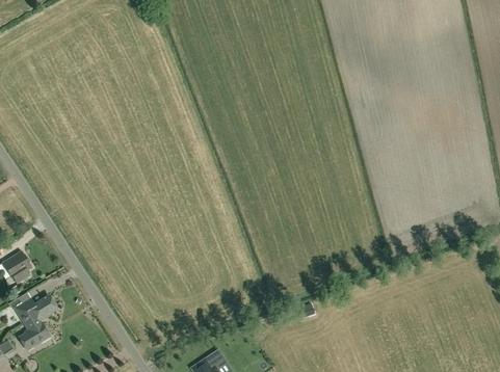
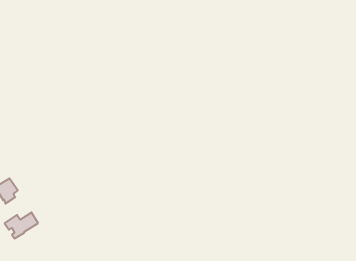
building: [21,320,51,349] -> none

